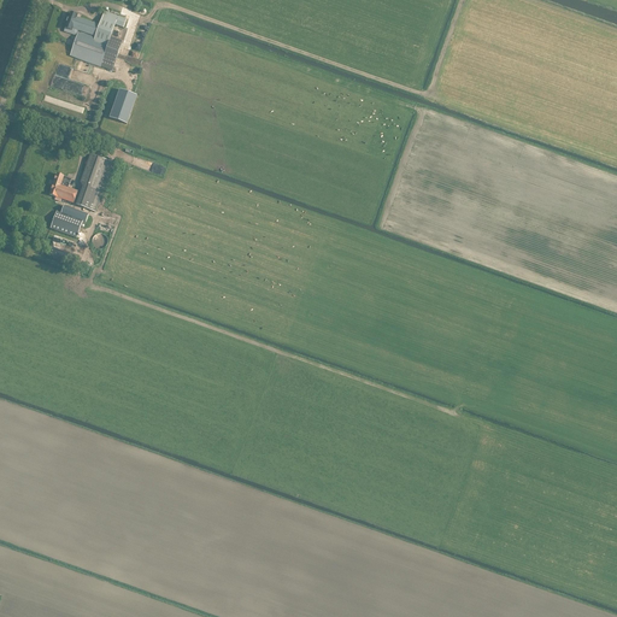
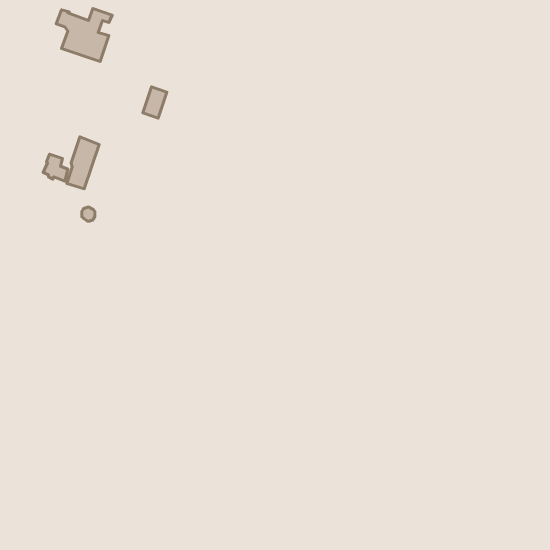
building: [108,88,135,123] -> [143,87,167,118]
building: [49,205,87,236] -> none

